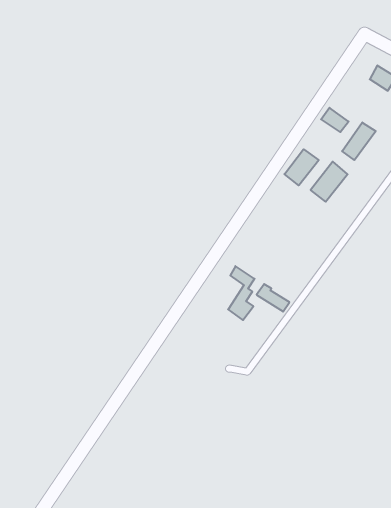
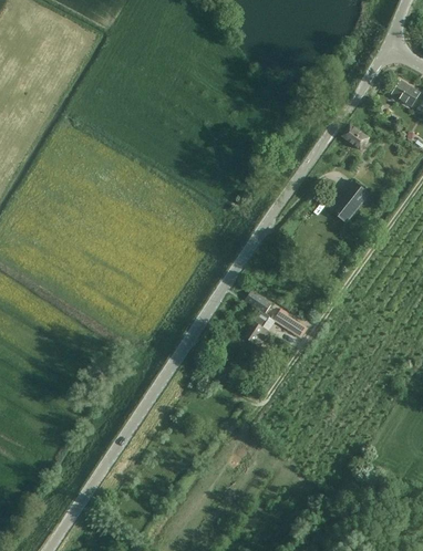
building: [342,122,376,160] -> none
building: [284,149,319,185] -> none

